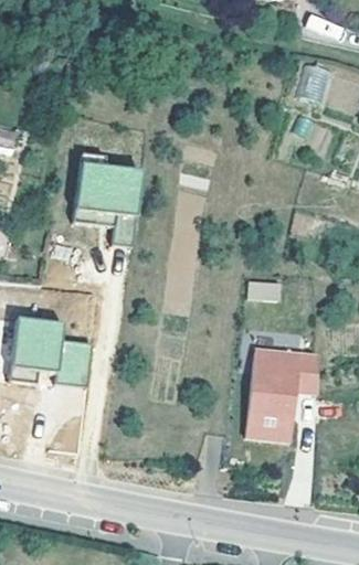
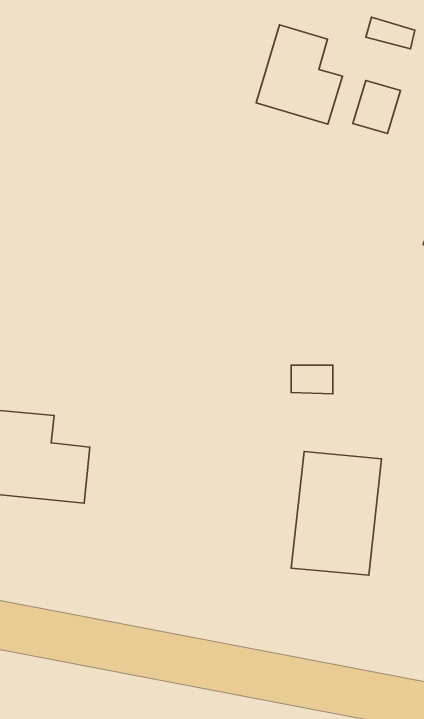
building: none -> [256,25,342,124]
building: [80,160,145,247] -> none

